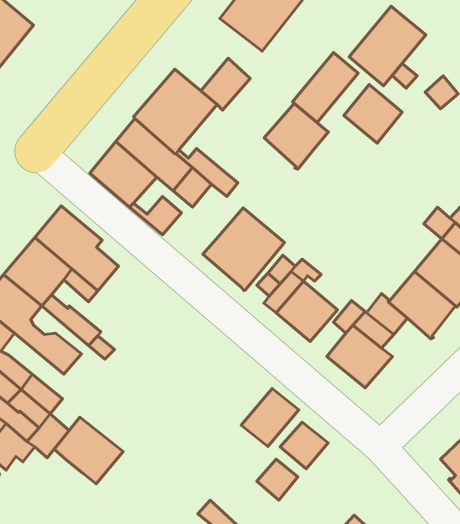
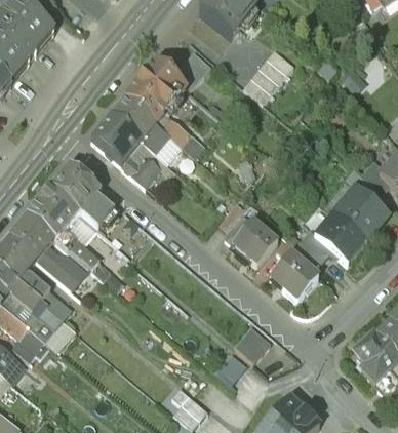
building: [349,6,426,86] -> none
building: [344,84,402,143] -> none
building: [264,103,329,169] -> none
building: [203,208,284,290] -> none
building: [241,388,299,447] -> none
building: [54,417,123,484] -> none

